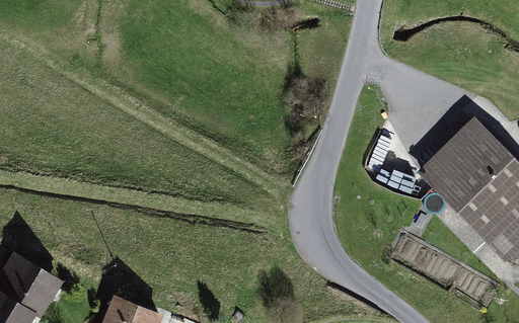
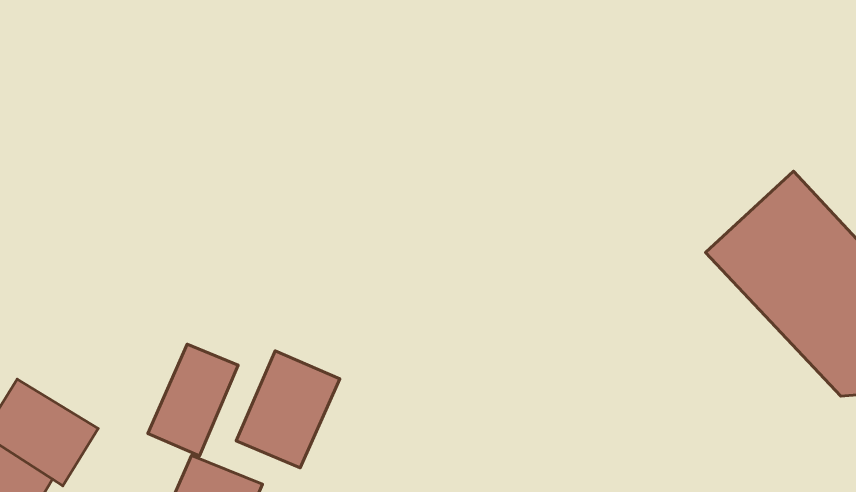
building: none -> [148,344,238,456]
building: none -> [236,351,340,468]

